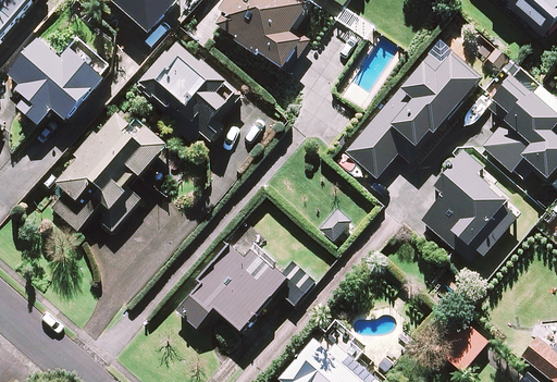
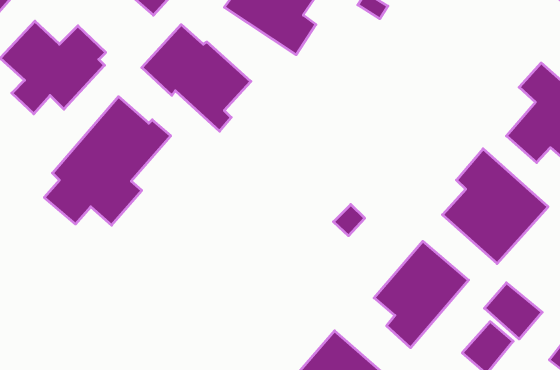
building: [344,52,482,176] -> none
building: [175,242,314,330] -> none
building: none -> [374,241,469,348]
building: none -> [484,283,542,339]

